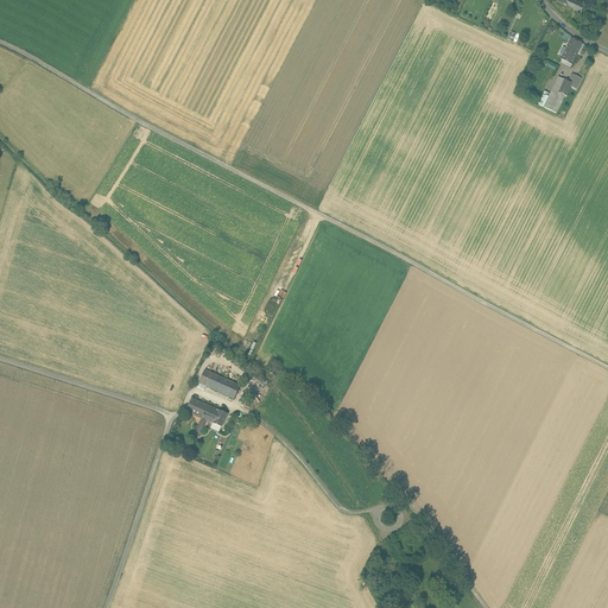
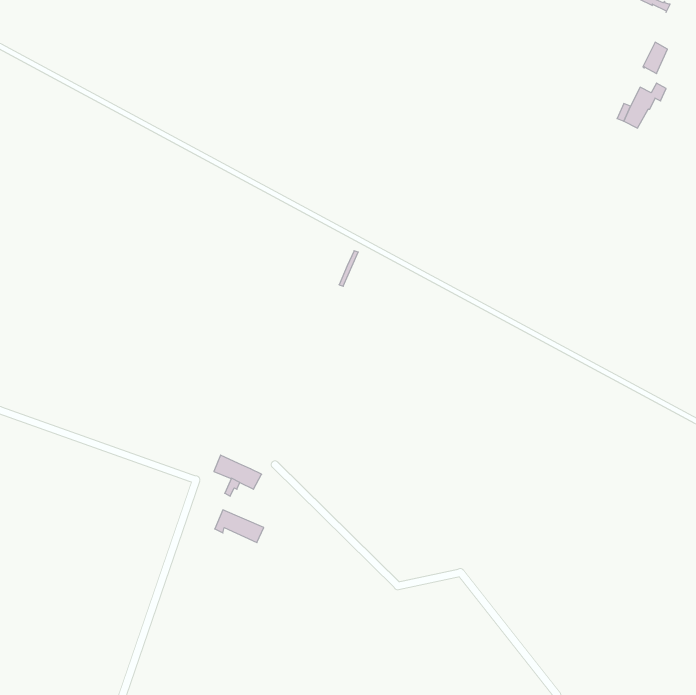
building: [197,369,240,398] -> [215,510,264,543]

